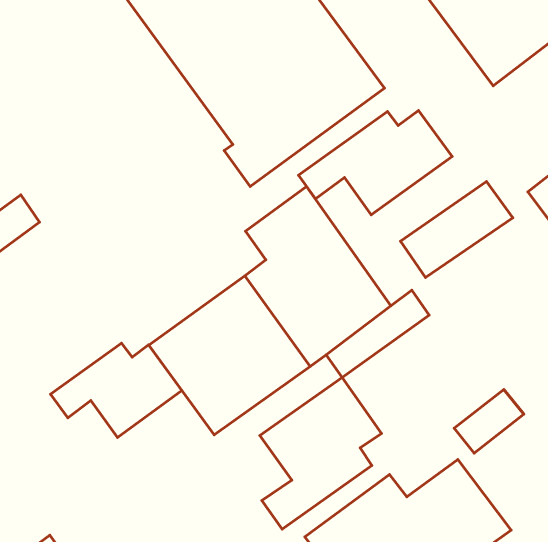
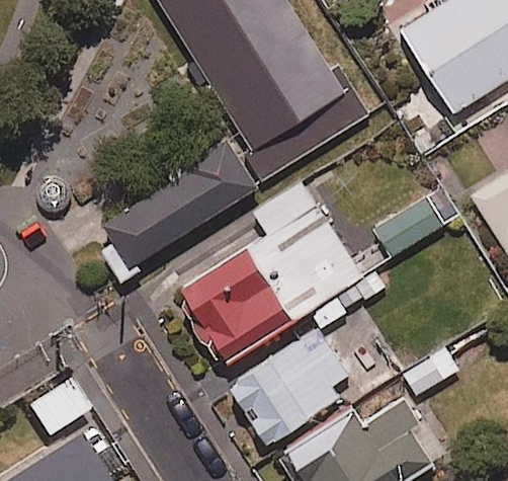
building: [298,110,452,215] -> none
building: none -> [97,131,251,258]
building: [51,343,182,438] -> none

